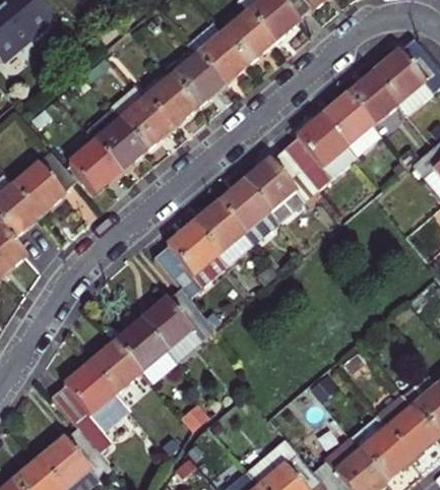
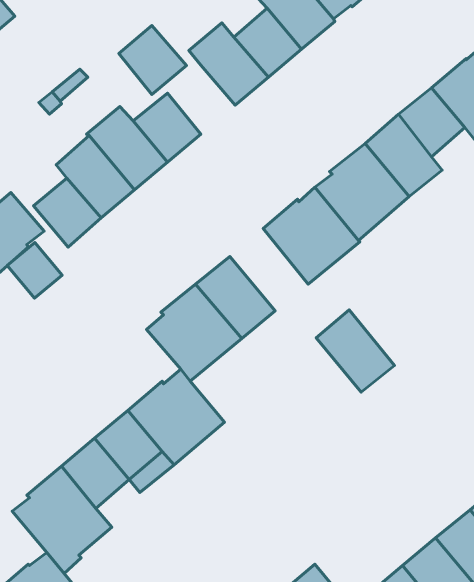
building: [171,54,223,107] -> [119,26,186,95]
building: [218,179,278,242] -> [316,310,394,392]
building: none -> [7,242,62,298]

